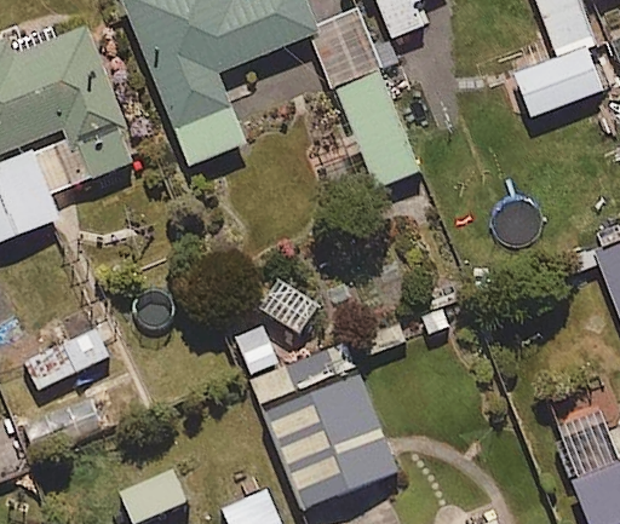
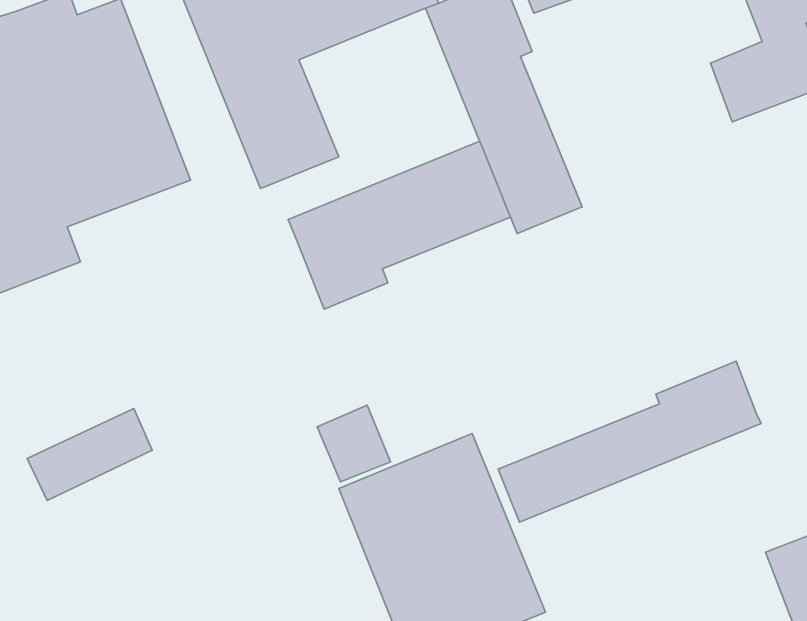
building: none -> [288,141,511,309]
building: none -> [498,361,761,522]

